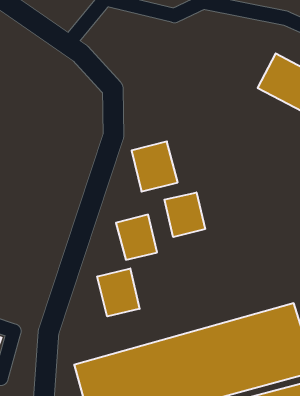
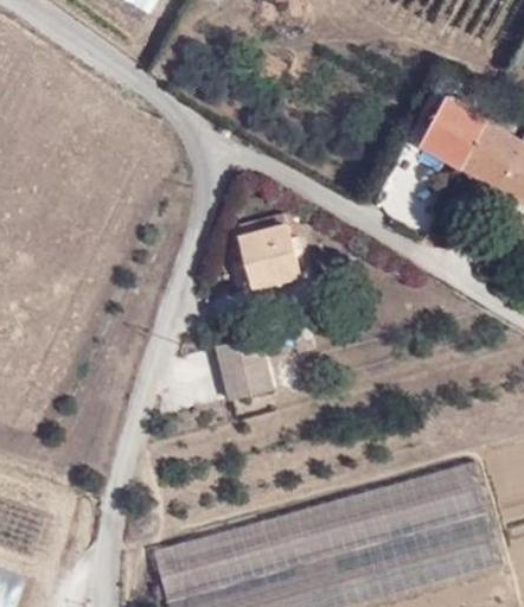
building: [164,192,205,237] -> none
building: [97,268,140,316] -> none

